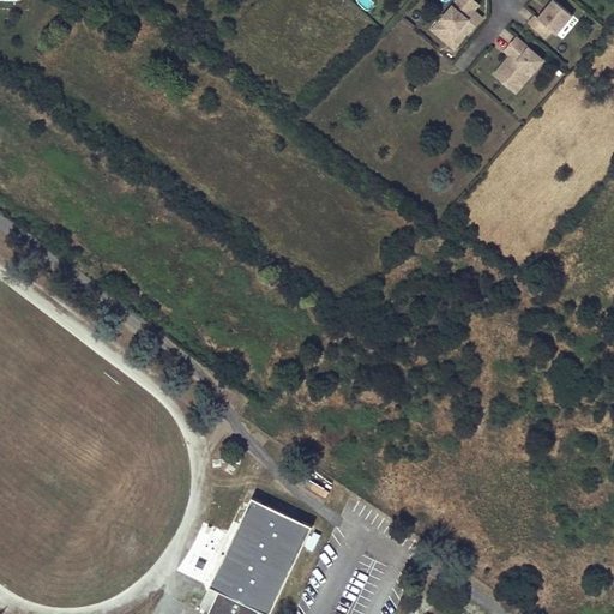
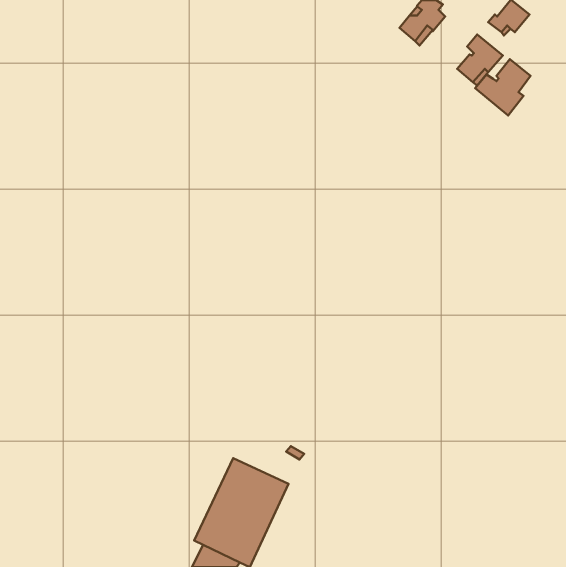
building: none -> [475,59,531,115]

